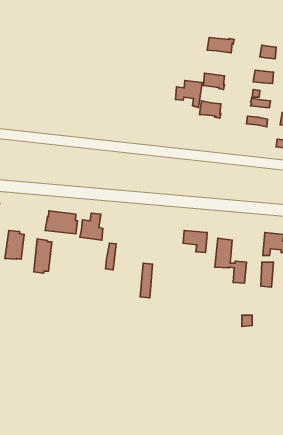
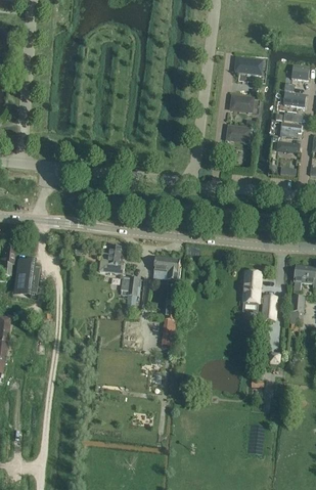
building: [175,80,202,107] -> none
building: [45,211,78,234] -> none
building: [183,231,207,253] -> [153,257,179,280]
building: [34,239,52,273] -> none

